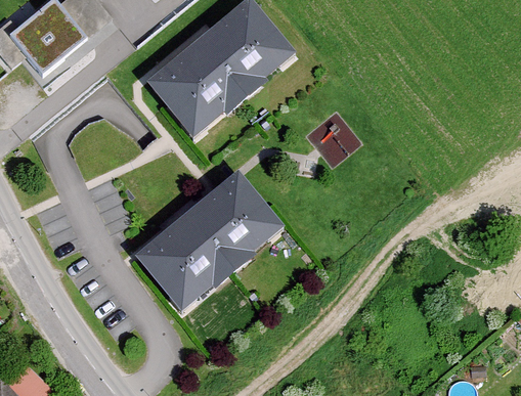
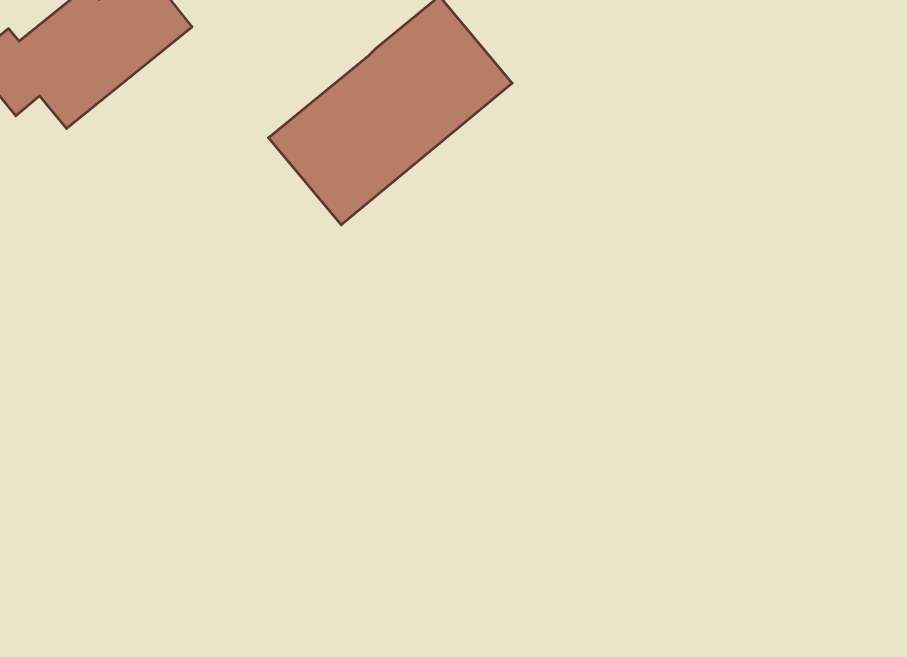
building: [137,176,280,308] -> none

